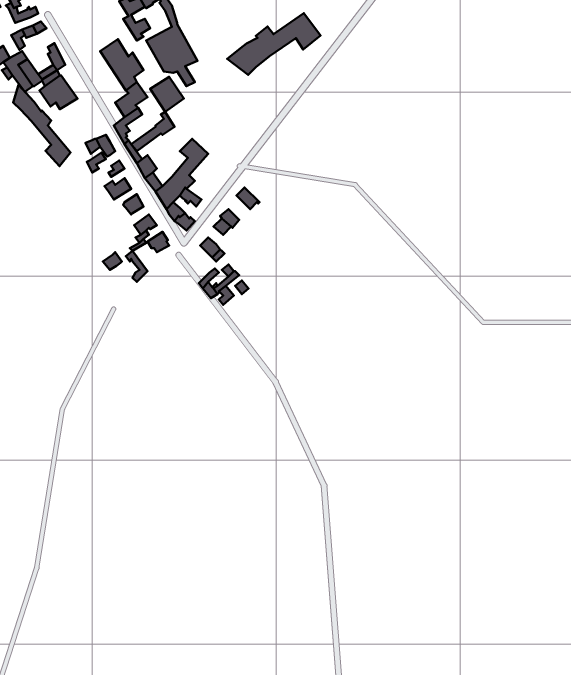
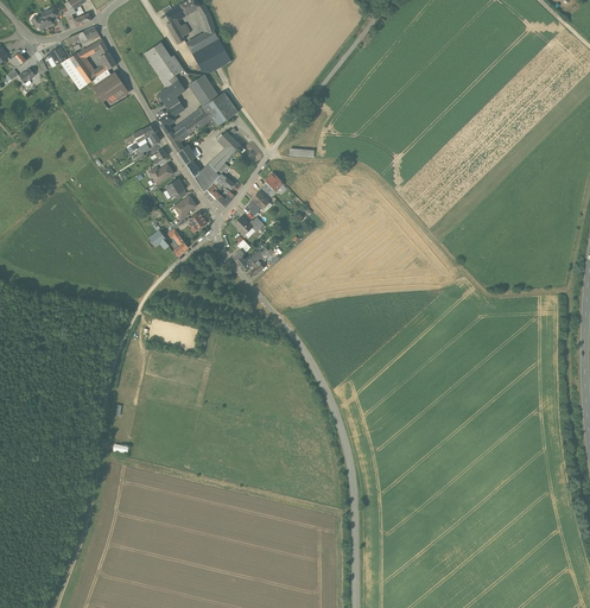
building: [227,13,320,75] -> none
building: [13,85,70,166] -> none
building: none -> [203,91,237,126]

